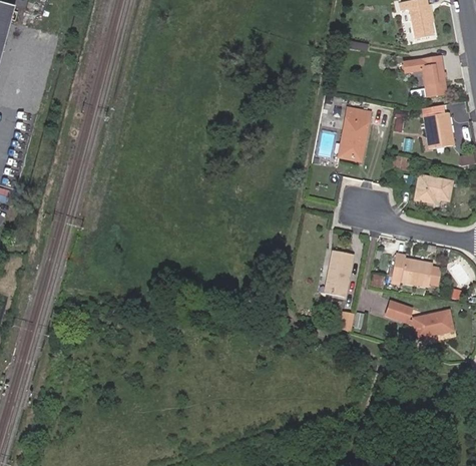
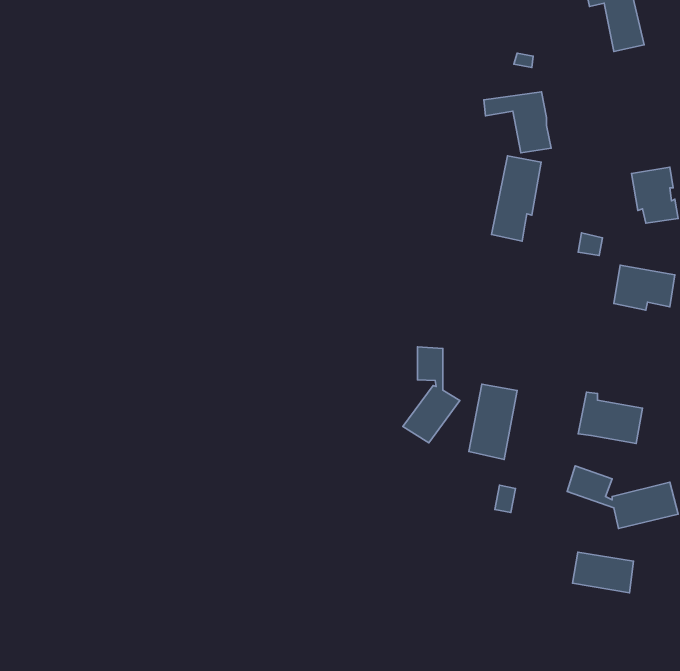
building: [404,60,446,98] -> [484,92,551,153]
building: none -> [403,347,460,443]
building: none -> [573,552,634,593]

